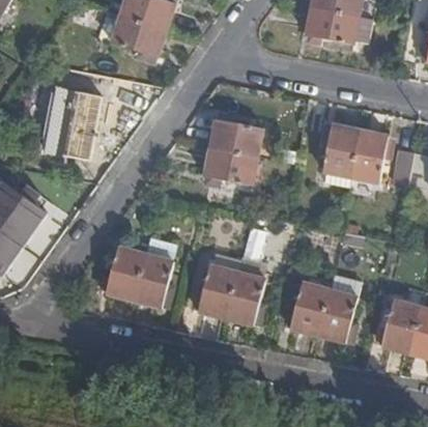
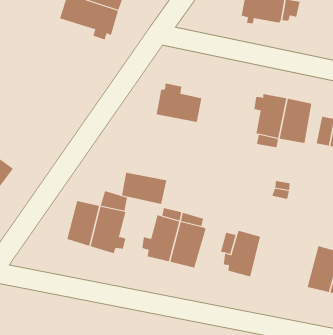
building: [46,88,102,161] -> none
building: [203,149,256,187] -> [121,172,167,205]
building: [317,277,361,343] -> none

